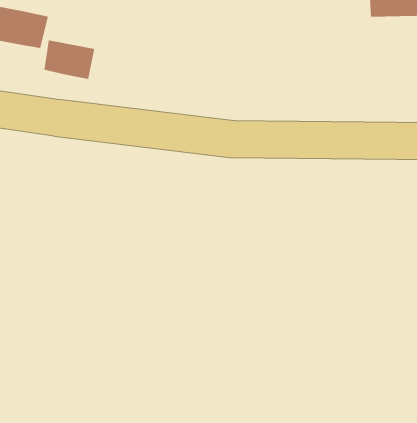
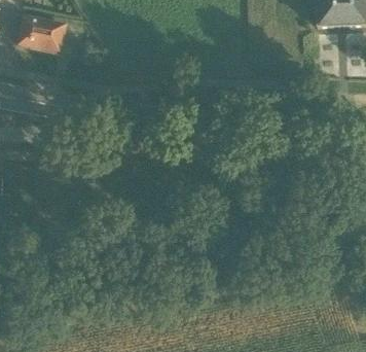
building: [43,39,95,80] -> none

